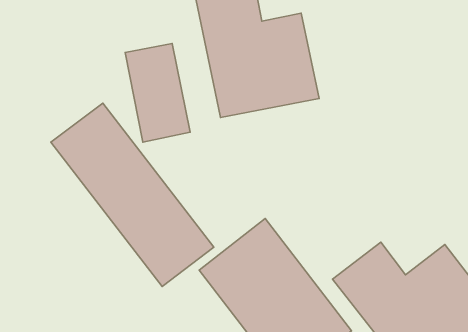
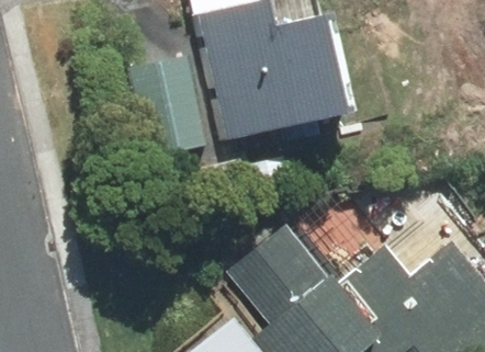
building: [51,103,214,286] -> none

